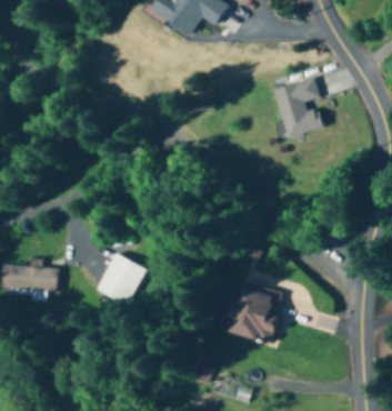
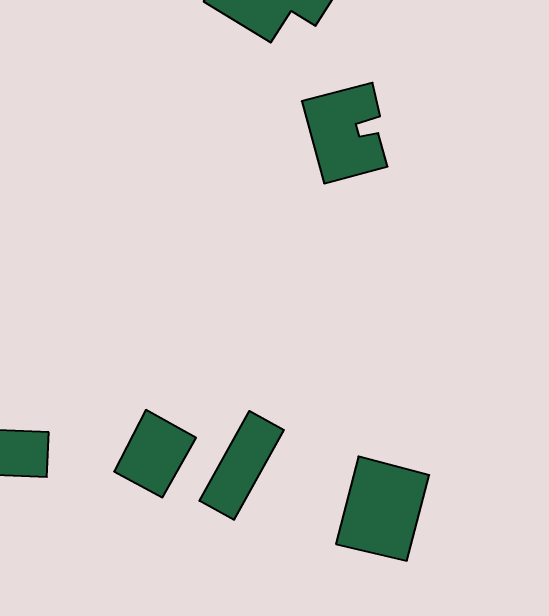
building: [273,77,324,137] -> [302,83,388,183]
building: none -> [199,411,284,520]

